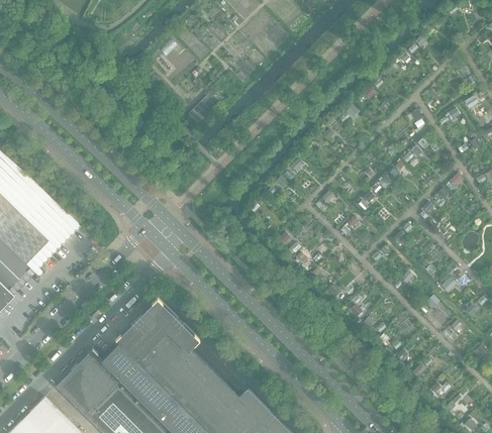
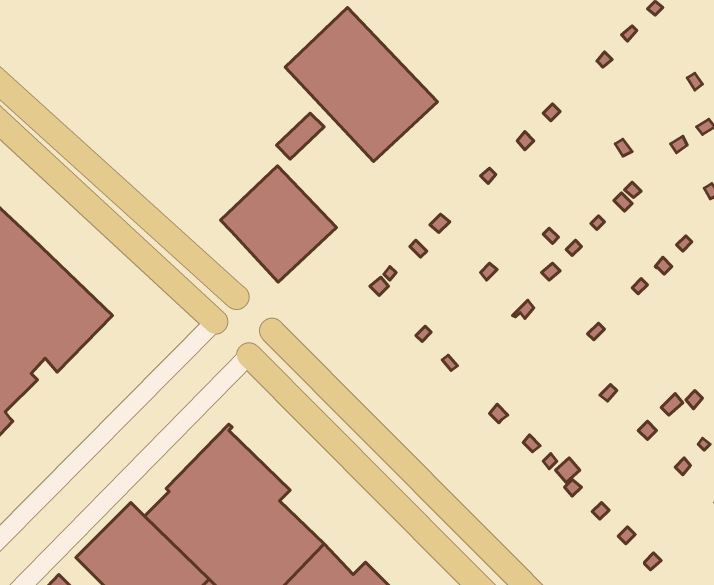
building: none -> [285,8,438,161]
building: none -> [221,166,336,282]

